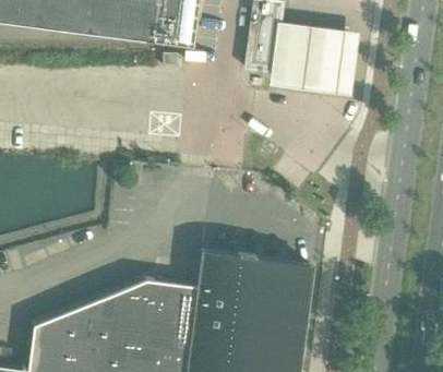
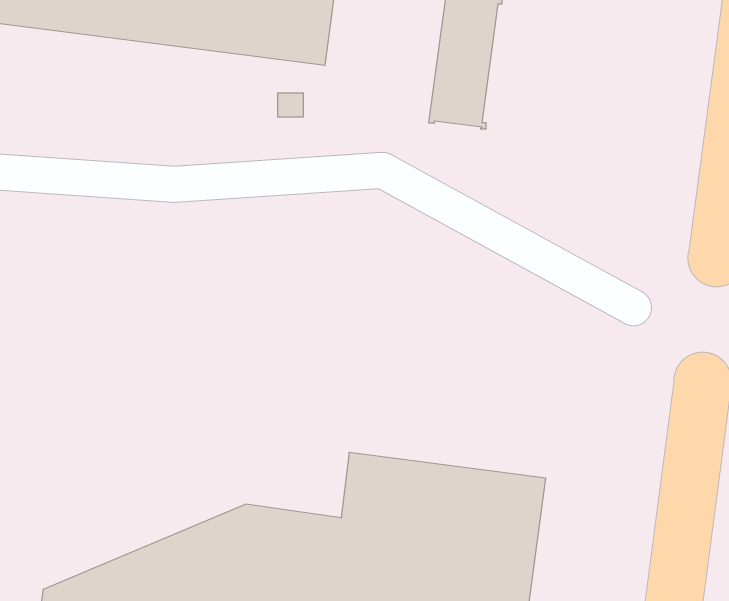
building: [274,25,362,98] -> none

